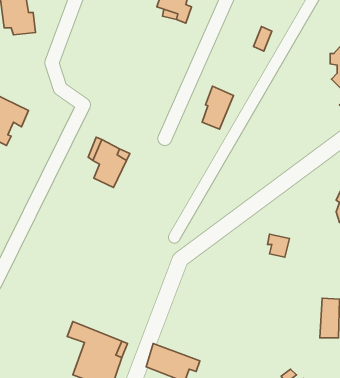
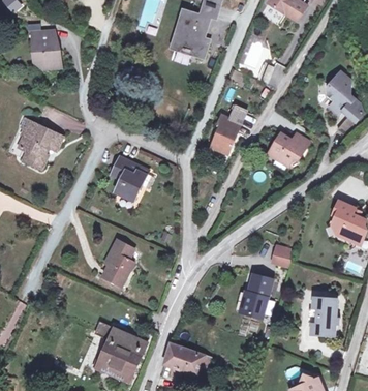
building: none -> [266,130,307,163]
building: none -> [100,242,133,287]
building: none -> [243,275,273,318]

